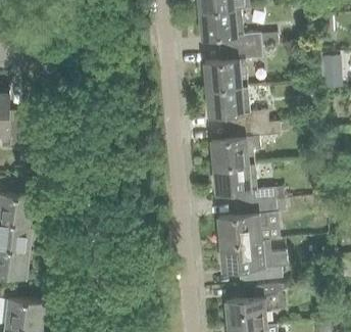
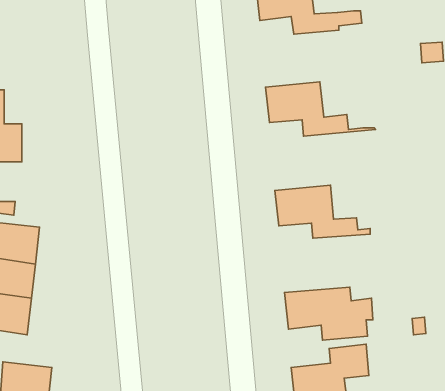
building: [203,48,261,91] -> none
building: [210,123,288,169] -> none
building: [217,201,285,245] -> none

